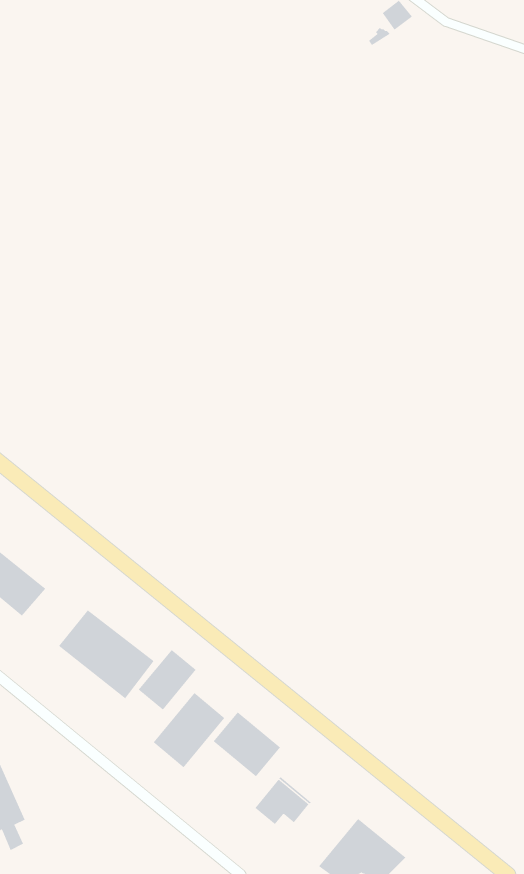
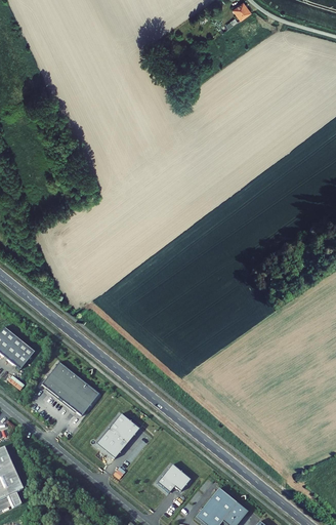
building: [138,649,196,710] -> none
building: [213,711,281,777] -> none

